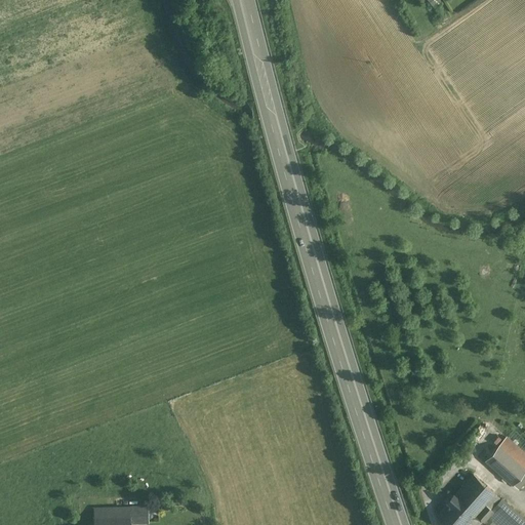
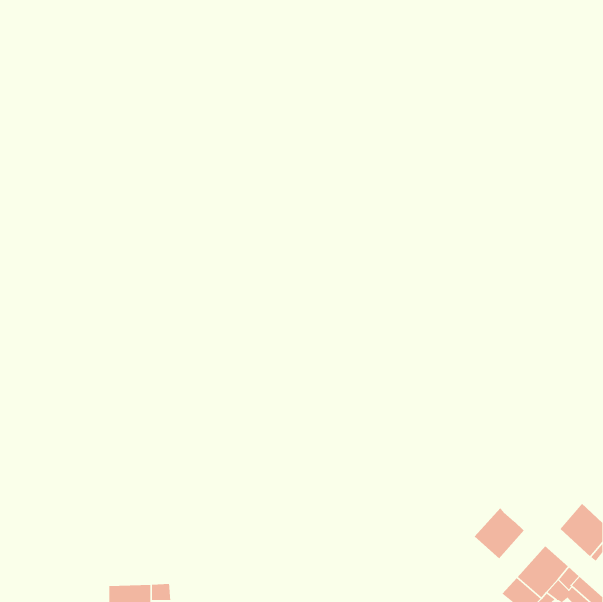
building: none -> [474,508,524,559]

